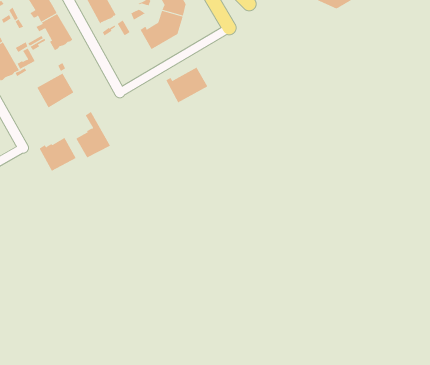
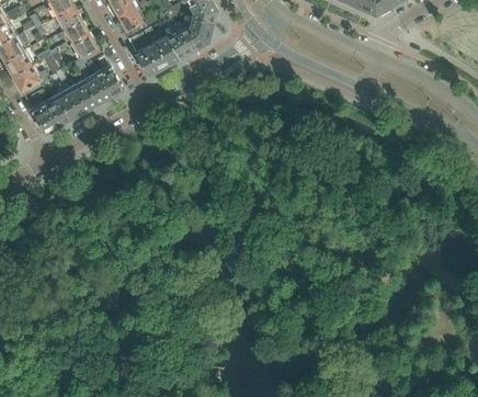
building: [165,67,208,103] -> [134,37,179,76]
building: [76,111,111,158] -> [86,54,123,103]
building: [39,137,76,172] -> [31,98,70,134]

